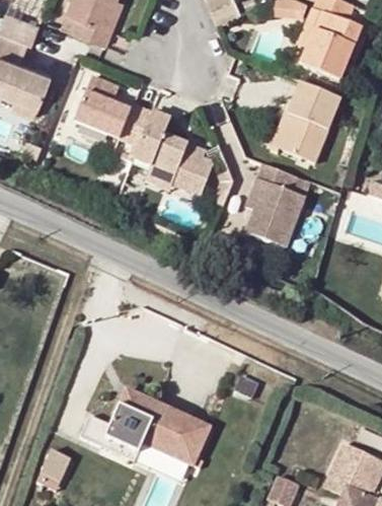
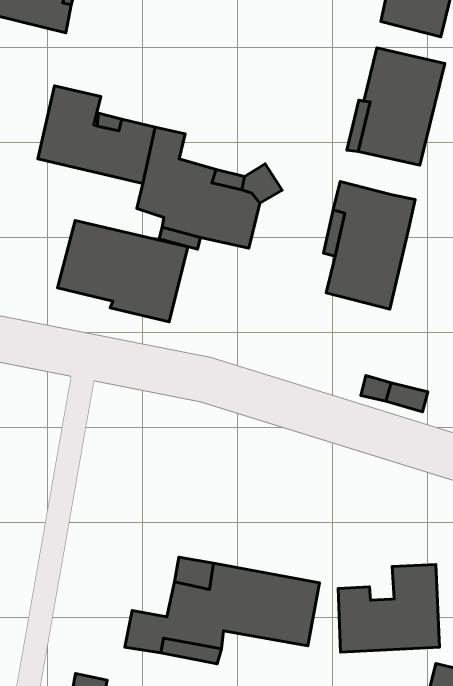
building: none -> [58,221,188,322]
building: none -> [338,565,439,652]

